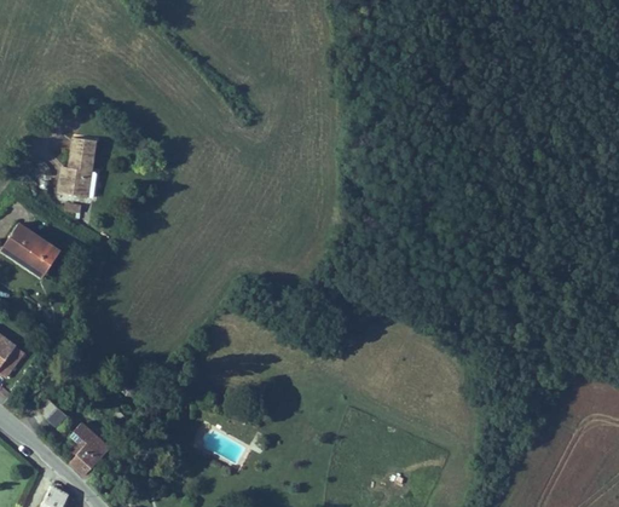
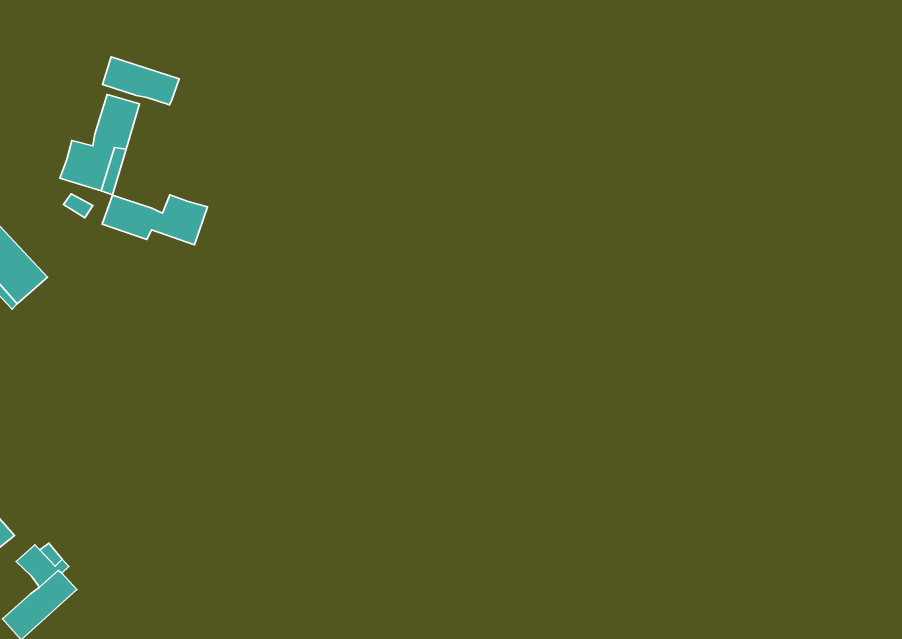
building: none -> [103,57,179,105]
building: none -> [102,195,207,245]

